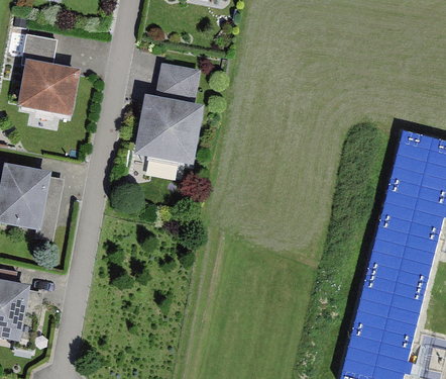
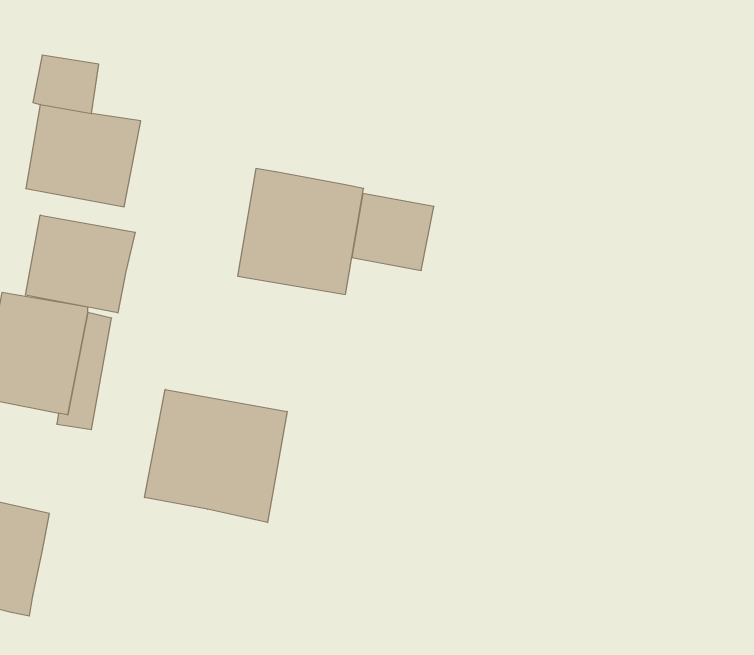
building: [154,61,200,103] -> [352,194,434,270]
building: none -> [25,215,135,313]
building: none -> [145,389,287,523]

